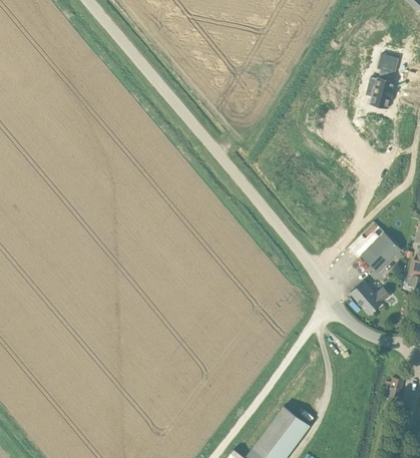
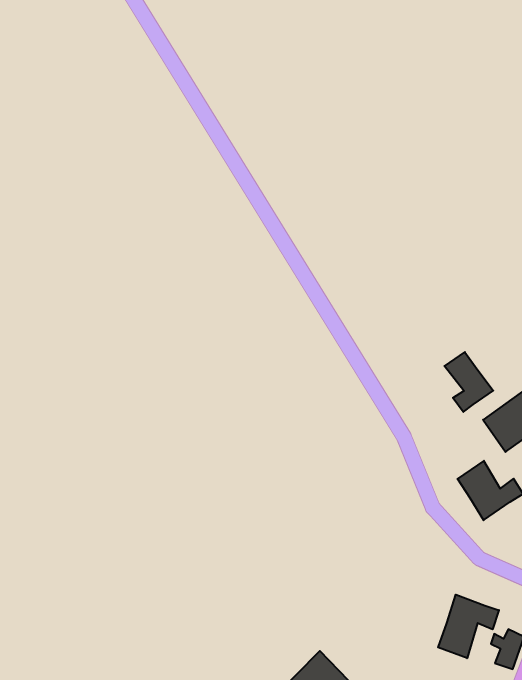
building: none -> [444,352,493,412]
building: none -> [438,595,499,658]

